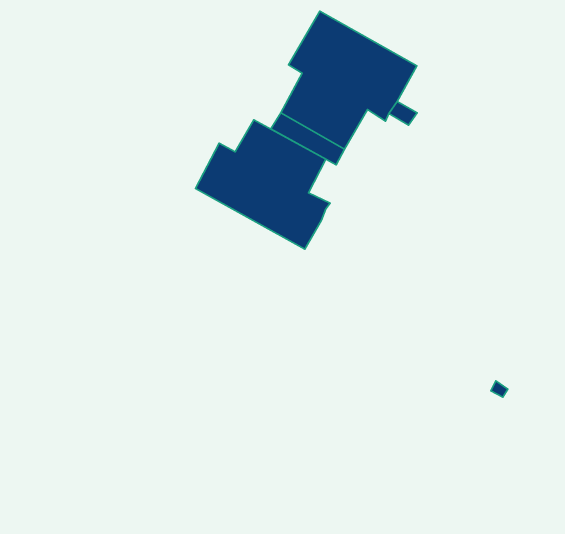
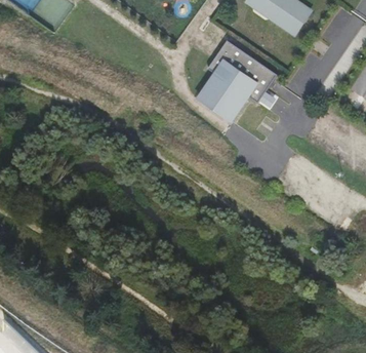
building: [196,120,330,249] -> none

